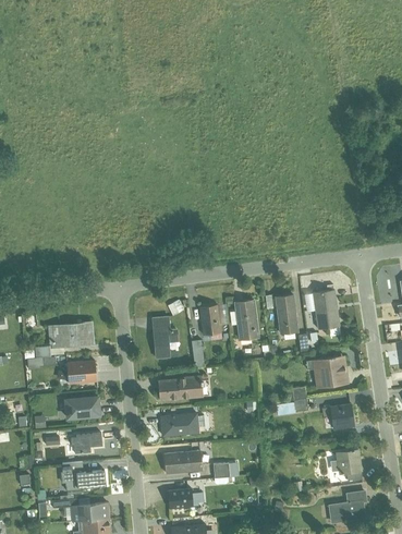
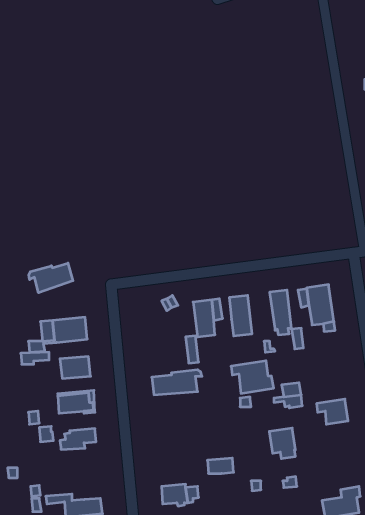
building: none -> [29,263,73,293]
building: [151,316,178,357] -> none
building: [305,355,348,388] -> [231,361,274,393]
building: [160,413,198,436] -> none
building: [334,449,361,480] -> [269,428,295,459]
building: [163,450,202,473] -> none
building: [60,462,105,490] -> none

